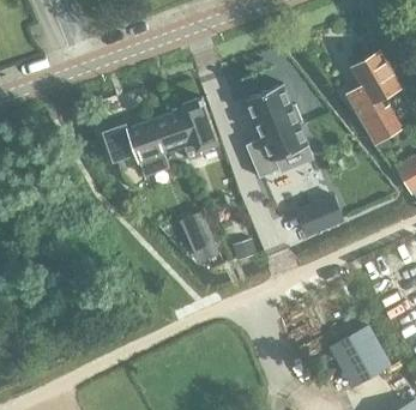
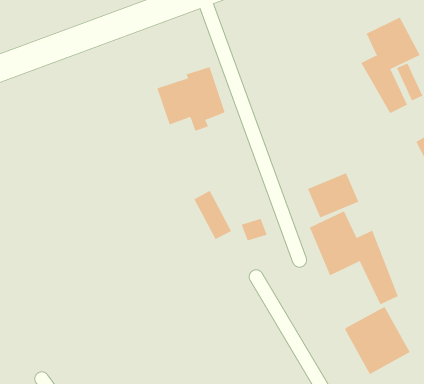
building: [245,84,308,177] -> none
building: [101,119,169,177] -> none
building: none -> [309,211,399,305]

